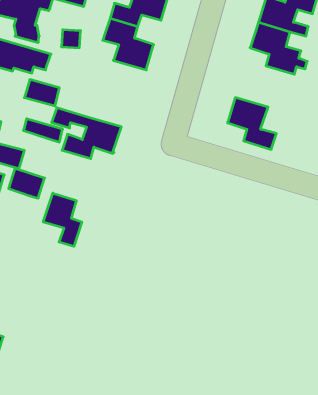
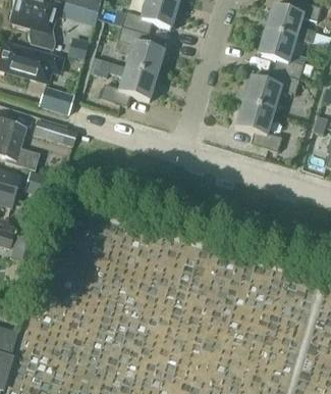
building: none -> [242,71,299,111]
building: [52,108,121,159] -> [90,57,157,106]
building: [43,193,82,246] -> none

